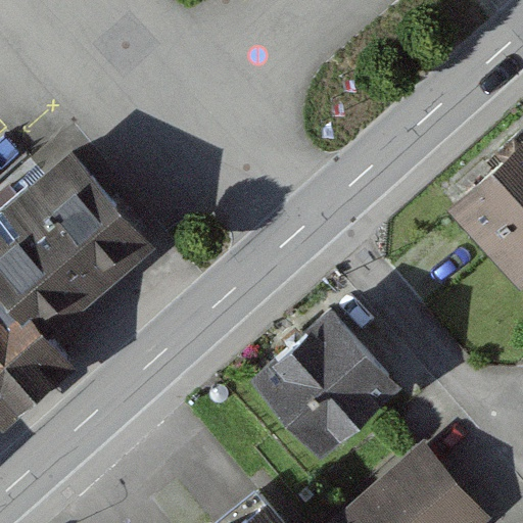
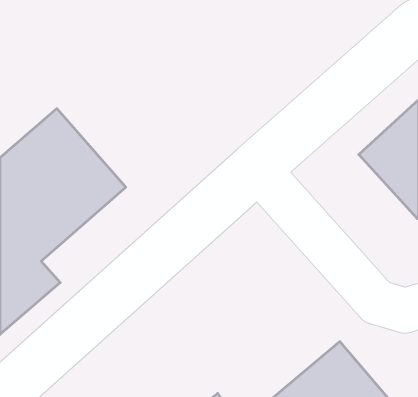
building: [251,307,401,458] -> none

